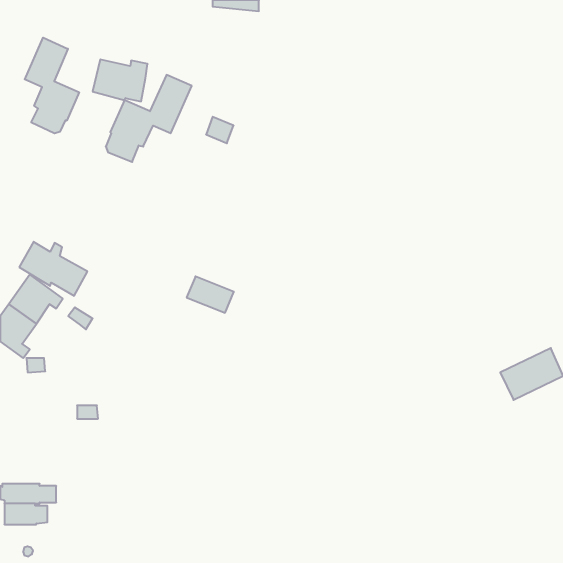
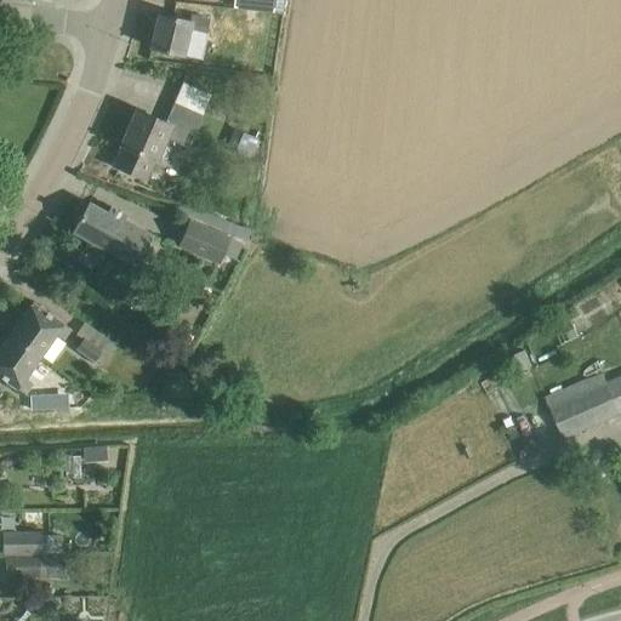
building: [25,38,79,133] -> none
building: [93,59,148,101] -> [149,13,210,59]
building: [19,242,87,296] -> [73,203,148,262]
building: [187,276,234,313] -> [178,222,230,262]

